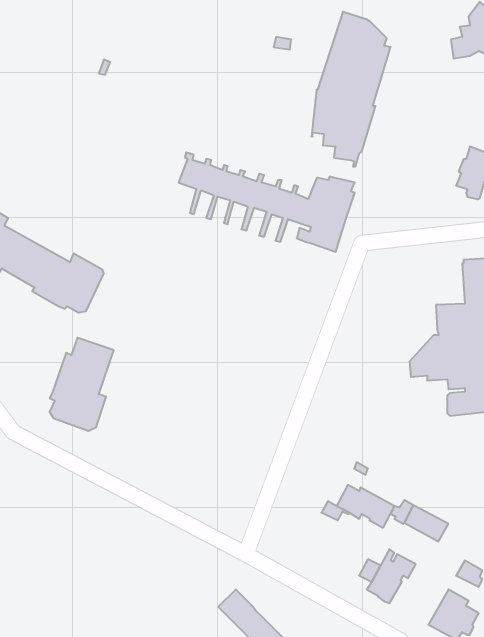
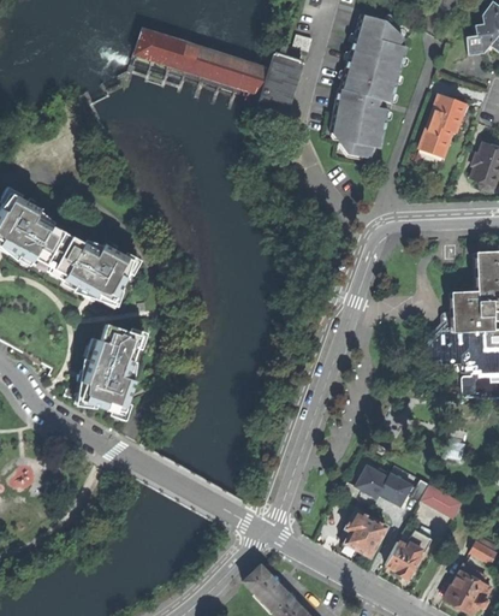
building: none -> [422,95,467,153]
building: [179,152,355,252] -> [136,24,304,119]
building: none -> [340,509,387,557]

